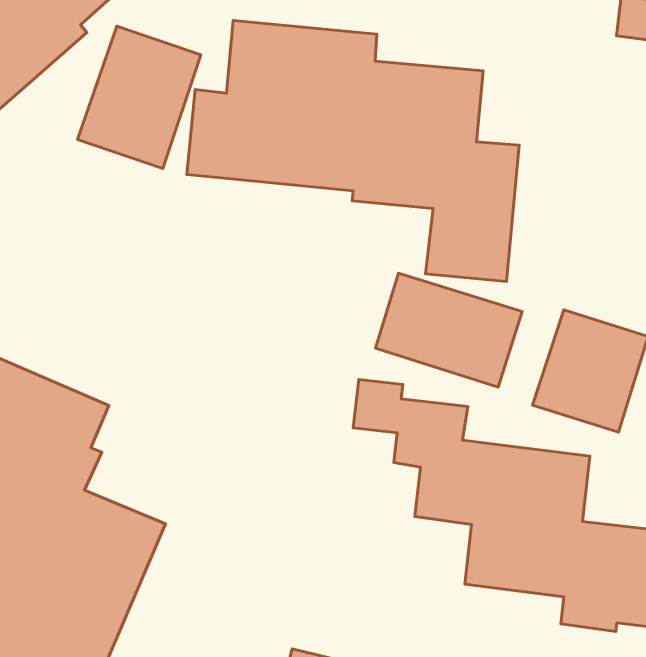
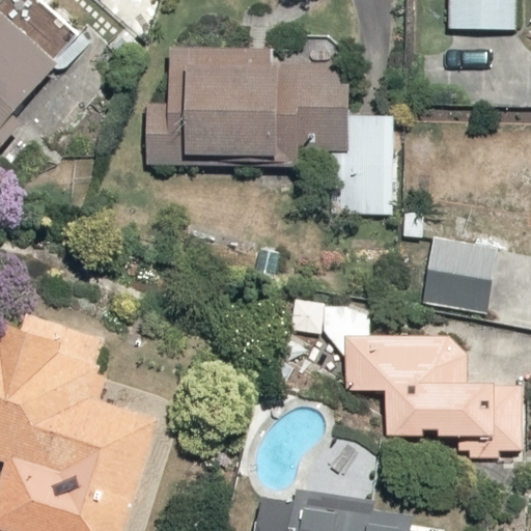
building: [78,26,201,169] -> none
building: [375,273,522,387] -> none

